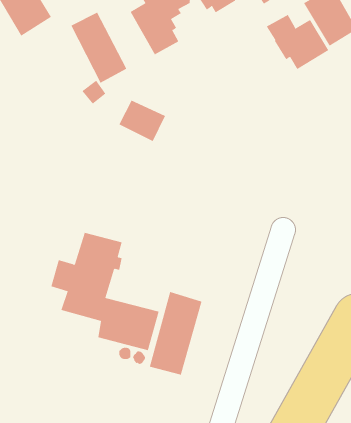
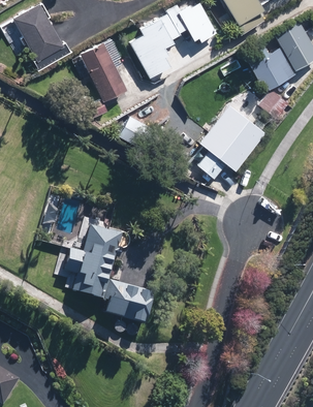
building: none -> [258,89,289,119]
building: none -> [196,104,264,178]
building: [149,291,202,375] -> none

